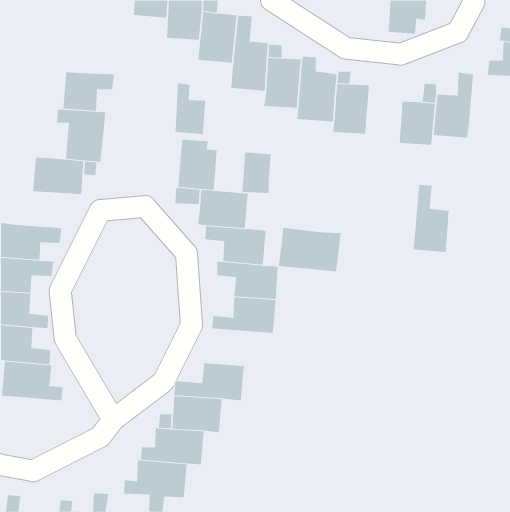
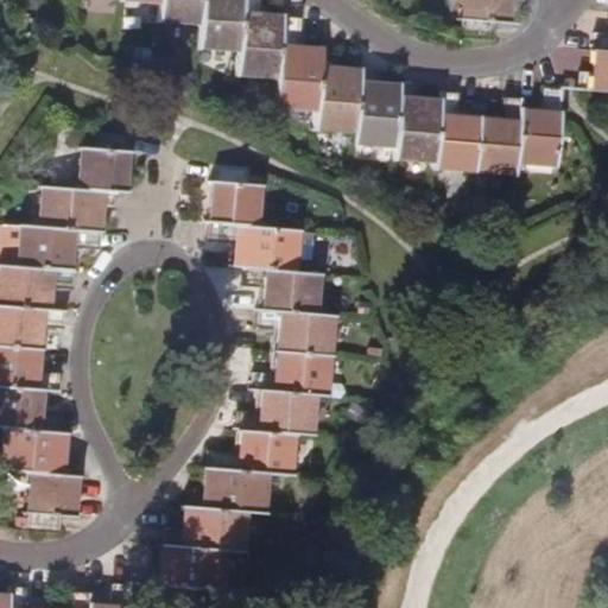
building: [63,72,114,112] -> none
building: [175,82,206,135] -> none
building: [242,152,271,194] -> none
building: [412,184,449,253] -> [435,89,479,170]
building: none -> [20,226,102,270]
building: [278,227,341,272] -> none
building: none -> [238,391,315,436]
building: none -> [28,471,76,532]

